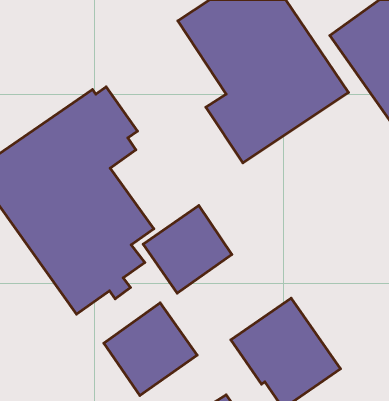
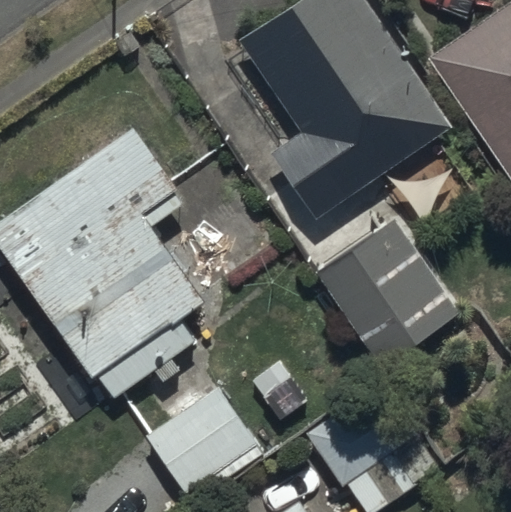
building: none -> [317,221,456,365]
building: [143,206,232,293] -> none

